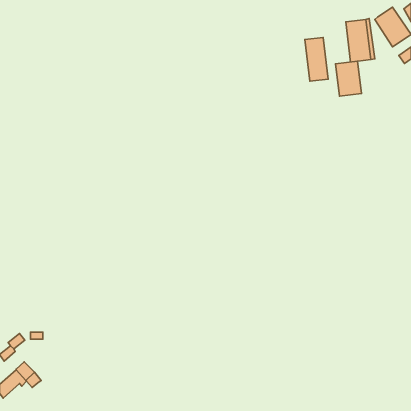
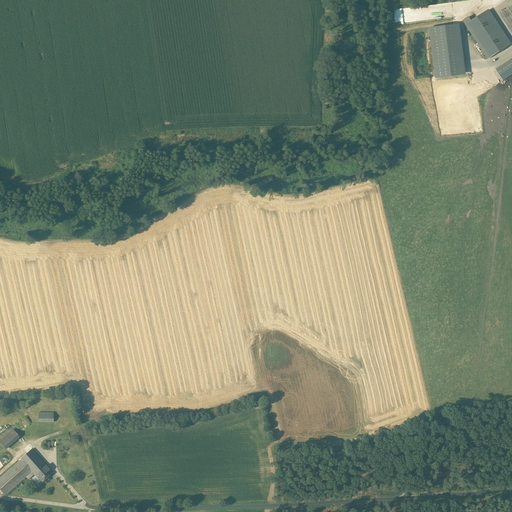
building: [305,37,328,81] -> none
building: [336,61,361,96] -> none

